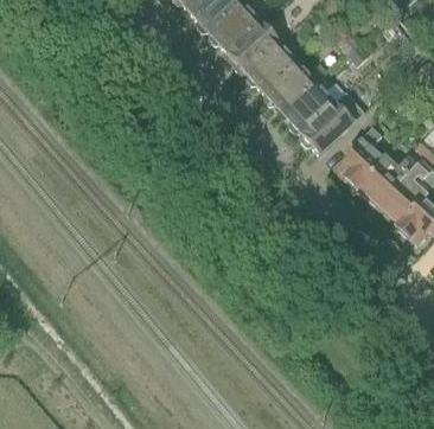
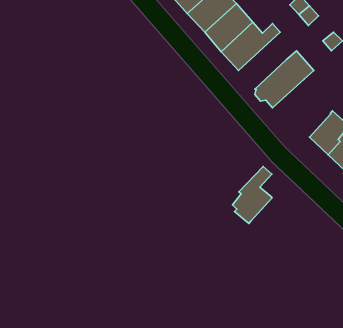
building: [282,72,336,134] -> none
building: [339,127,382,188] -> [232,167,272,223]

